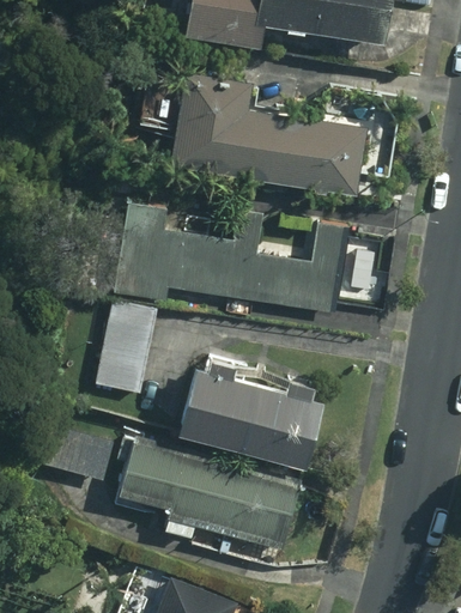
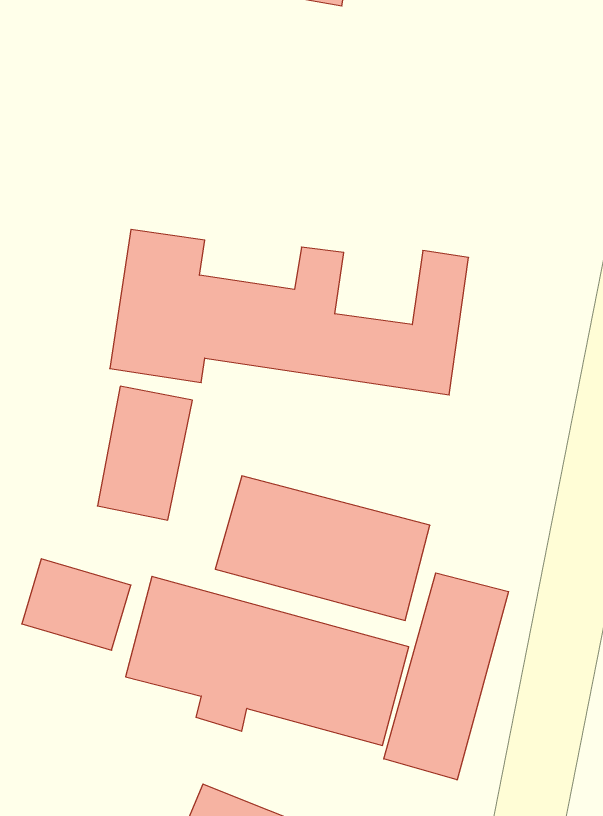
building: [144,75,365,195] -> none
building: none -> [384,573,509,780]

